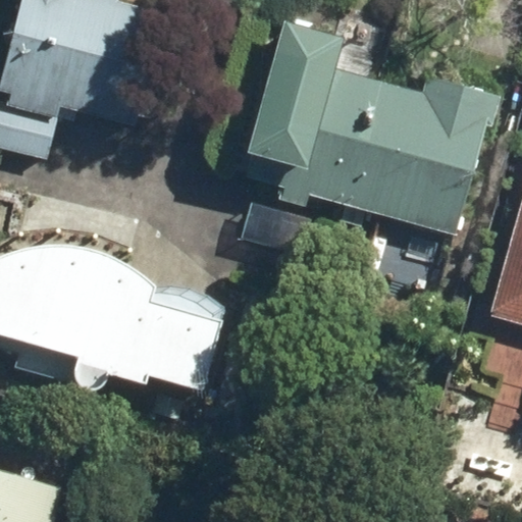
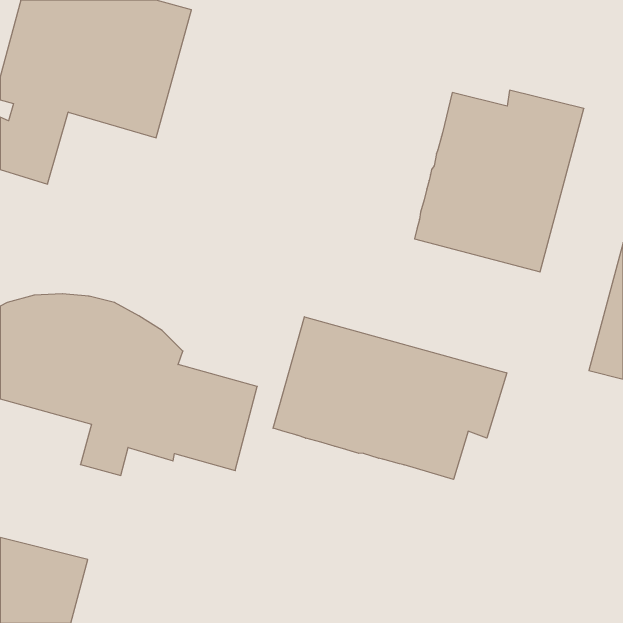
building: [246,50,378,209] -> none
building: none -> [273,317,507,479]

